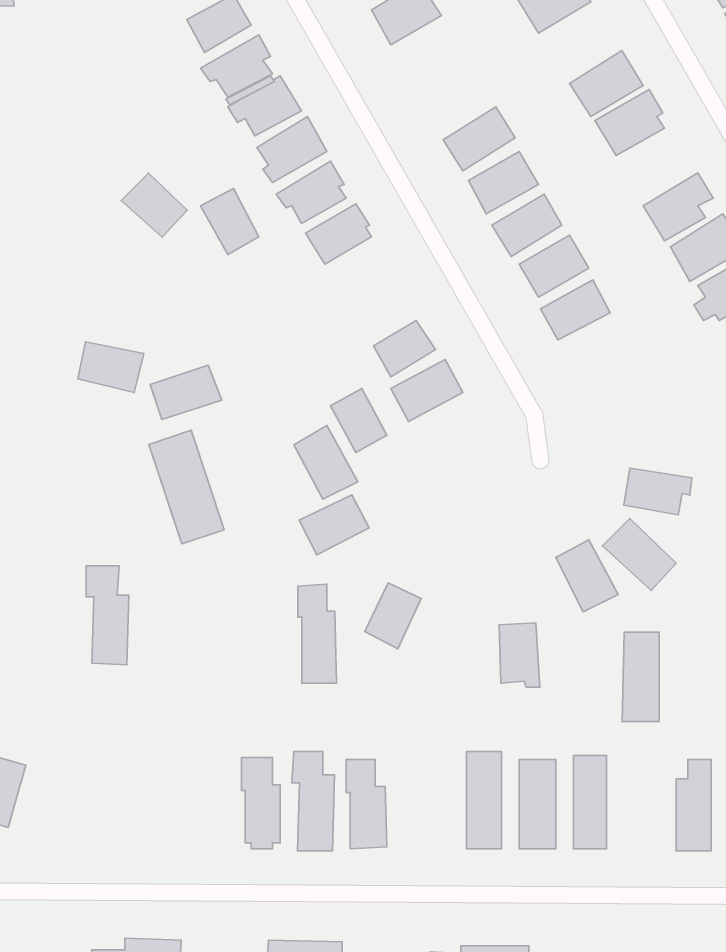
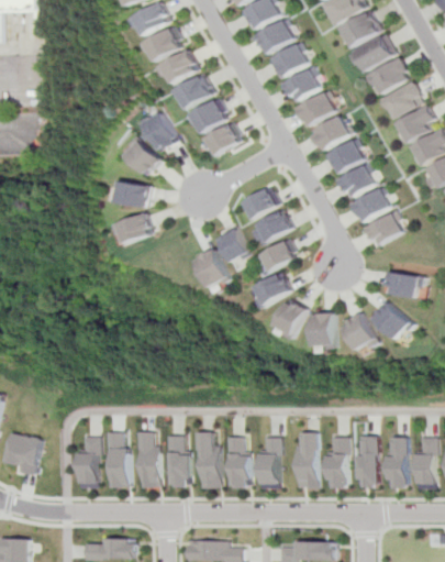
building: none -> [340,13,379,48]
building: none -> [253,20,293,55]
building: none -> [268,44,308,79]
building: none -> [382,81,420,119]
building: [121,173,187,237] -> [124,140,162,176]
building: none -> [351,189,390,223]
building: [78,342,144,392] -> [115,179,153,208]
building: none -> [364,213,403,247]
building: none -> [263,240,299,271]
building: [149,430,224,544] -> none
building: [299,495,369,555] -> [255,273,294,307]
building: [86,566,129,665] -> [107,432,131,488]
building: [365,583,421,649] -> [279,299,311,337]
building: [298,584,337,683] -> [137,431,159,487]
building: [499,623,540,687] -> [316,312,340,349]
building: [622,632,659,722] -> [383,437,404,487]
building: none -> [79,437,100,488]
building: none -> [258,437,280,485]

